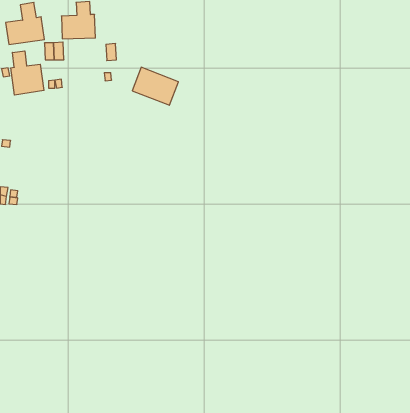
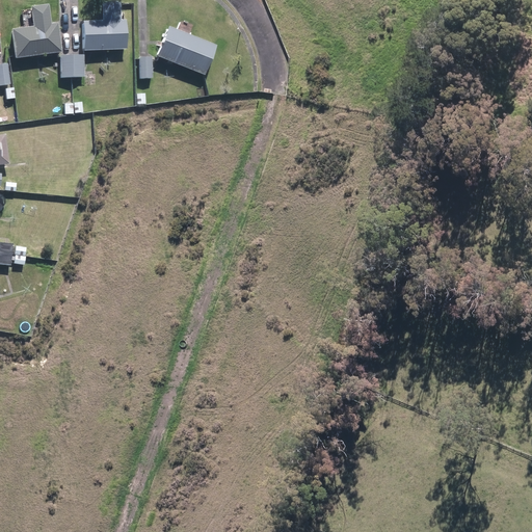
building: [11,51,44,95] -> none
building: [132,67,178,105] -> [157,26,216,75]

